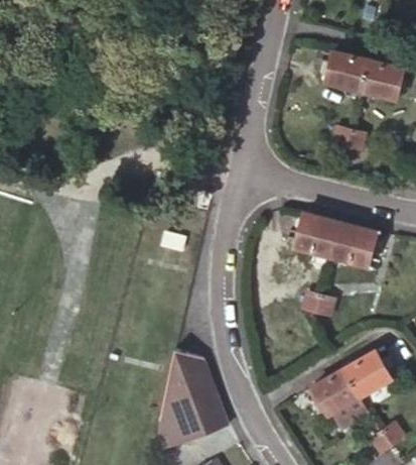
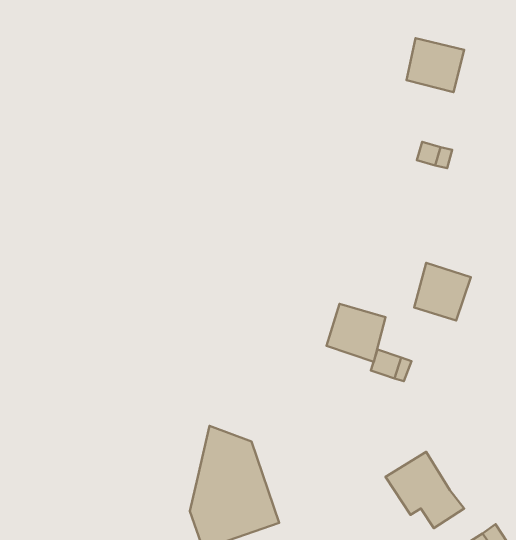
building: [364,61,407,102] -> none
building: [297,214,342,258] -> [327,304,386,362]
building: [342,351,390,398] -> none

